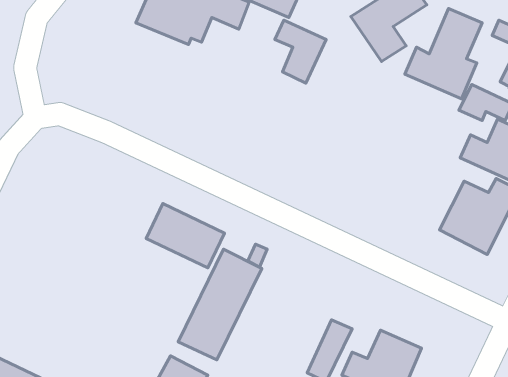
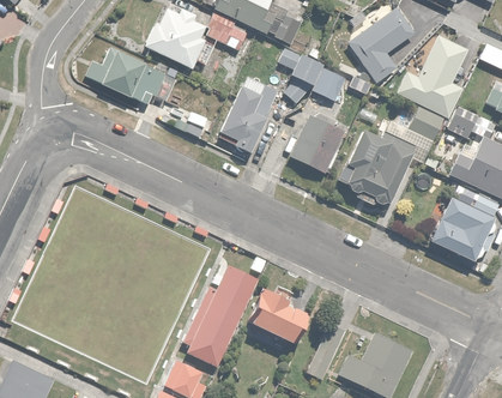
building: none -> [83,48,176,103]
building: none -> [313,68,345,102]
building: none -> [219,76,278,153]
building: none -> [407,107,443,140]
building: none -> [290,114,346,174]
building: none -> [344,128,418,213]
building: [146,204,225,268] -> [248,289,321,349]

